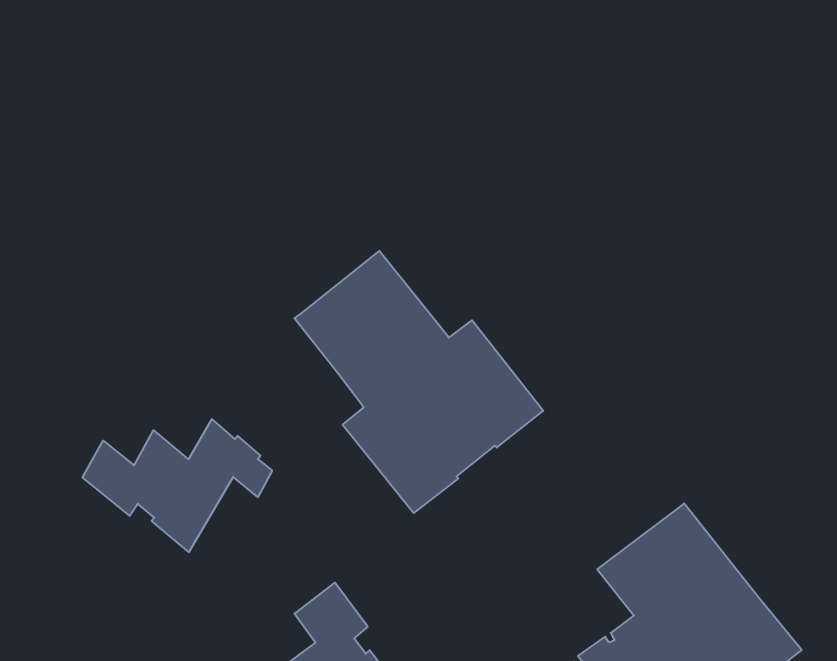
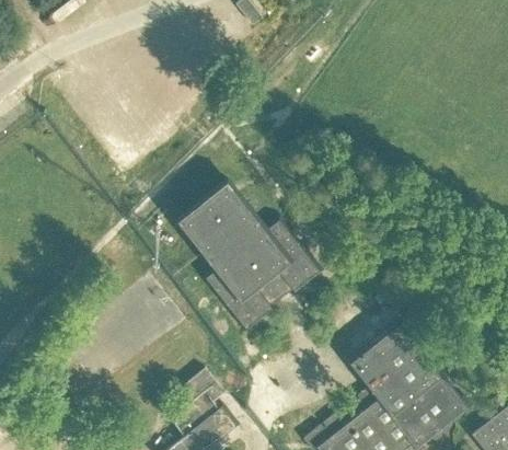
building: [83,419,272,552] -> none

